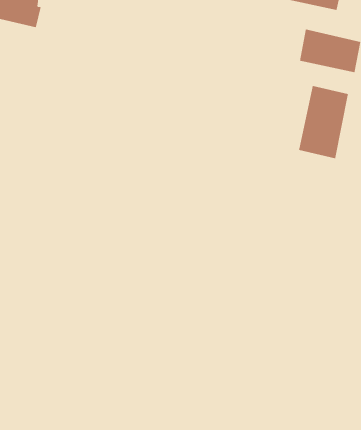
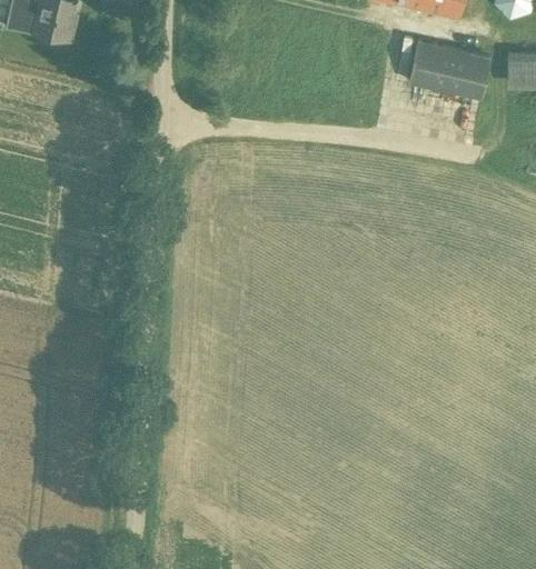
building: [299,85,348,159] -> none

